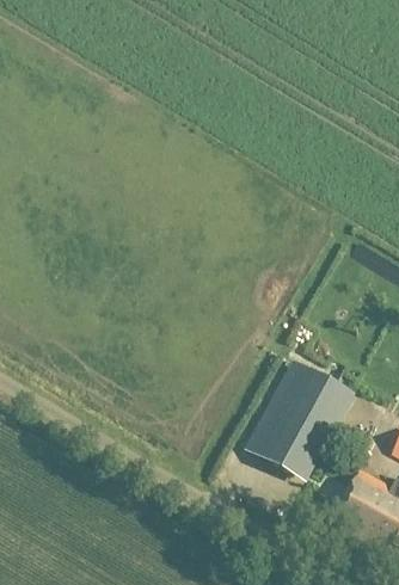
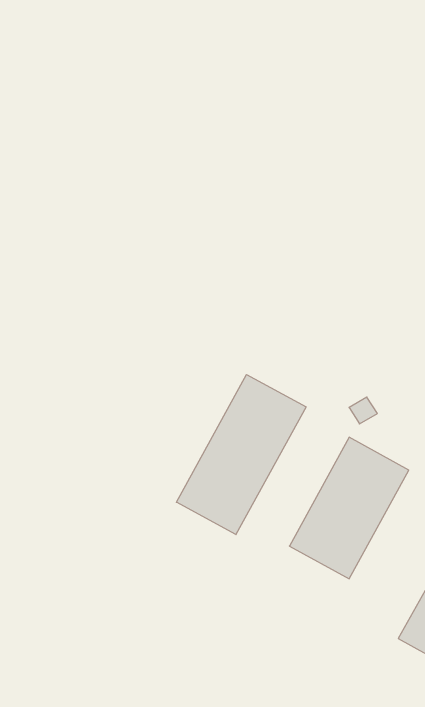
building: none -> [176,375,306,535]

